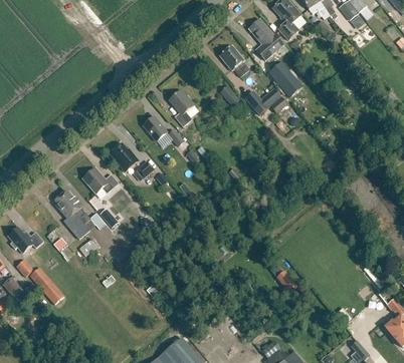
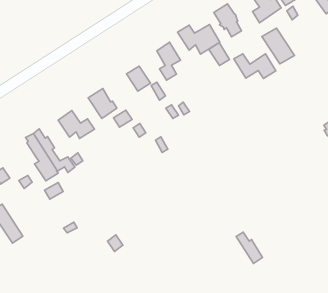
building: none -> [177,24,220,54]

